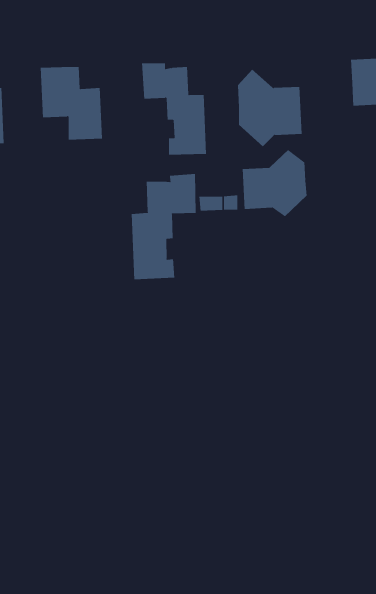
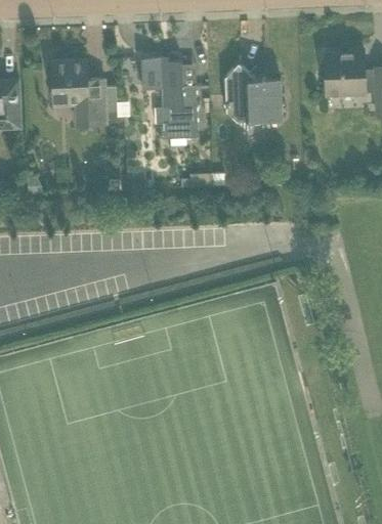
building: [242,149,307,217] -> none
building: [131,173,196,280] -> none

